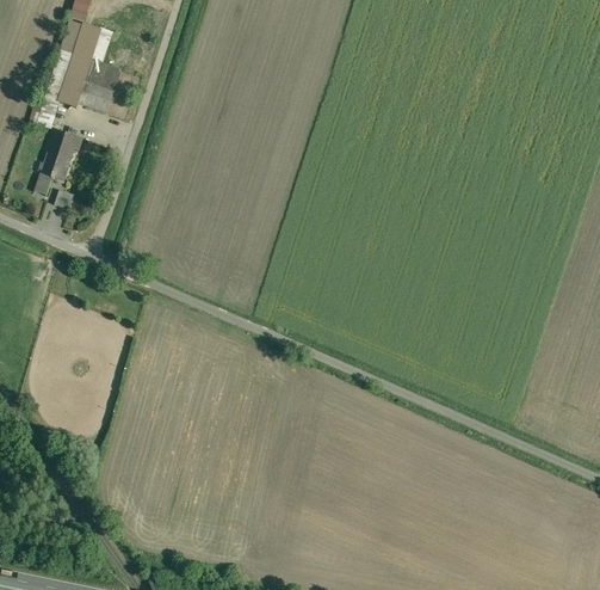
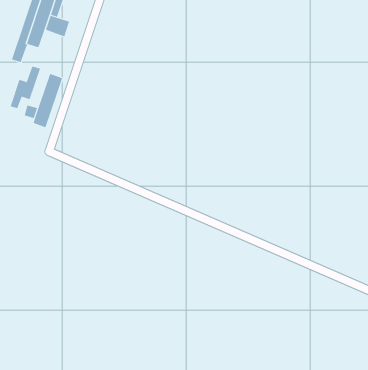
building: [78,80,113,111] -> none
building: none -> [33,73,63,128]

